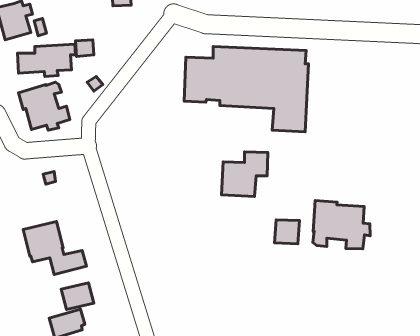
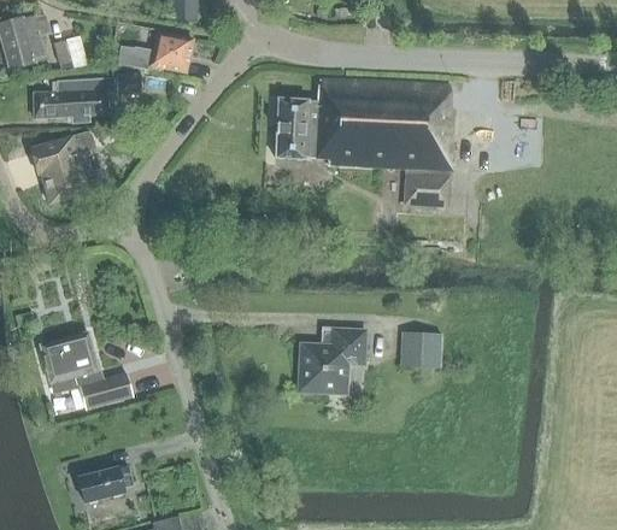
building: none -> [116,29,193,73]
building: [221,152,268,197] -> [296,328,364,393]
building: [313,201,370,249] -> none
building: [61,283,94,309] -> none

